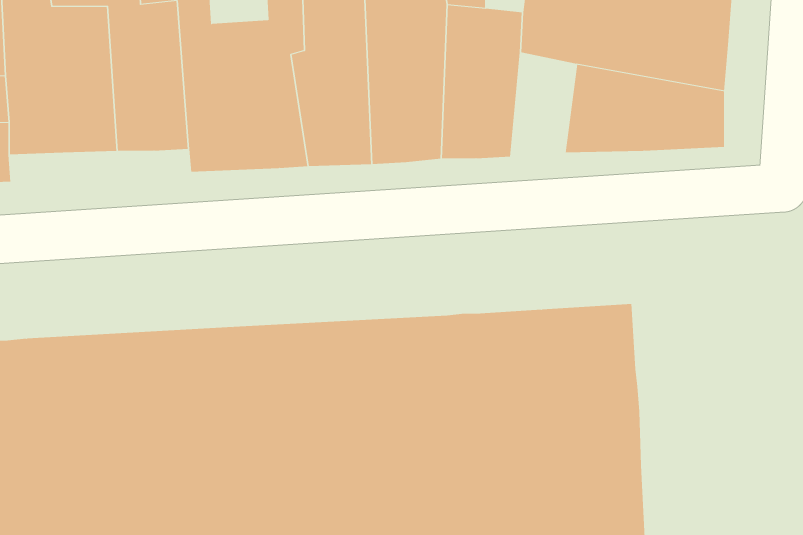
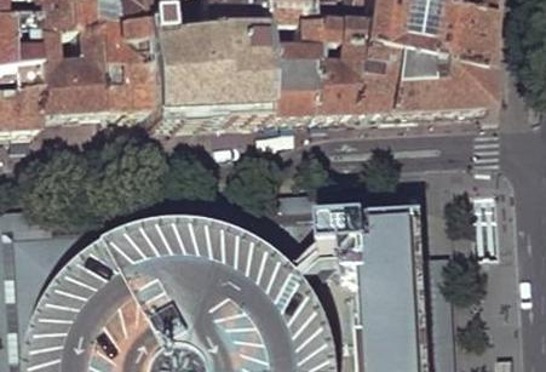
building: none -> [347,50,389,115]

